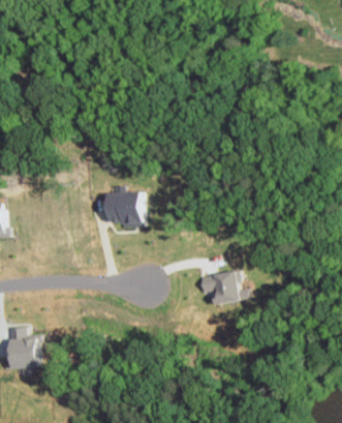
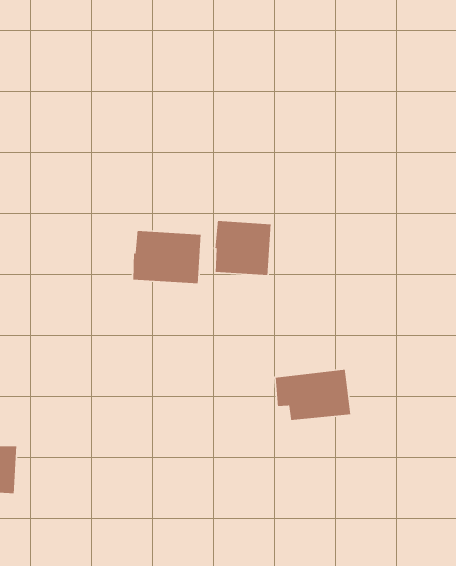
building: none -> [215,220,272,276]

